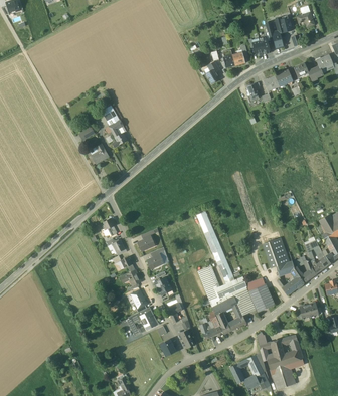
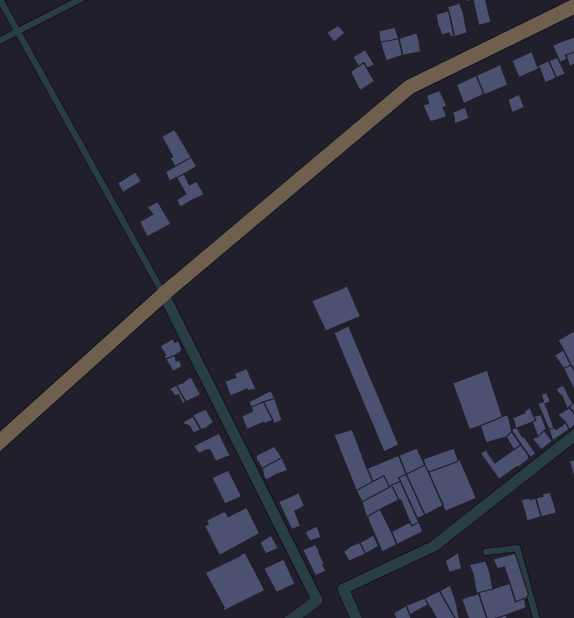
building: none -> [312,286,361,331]
building: none -> [205,552,265,611]

